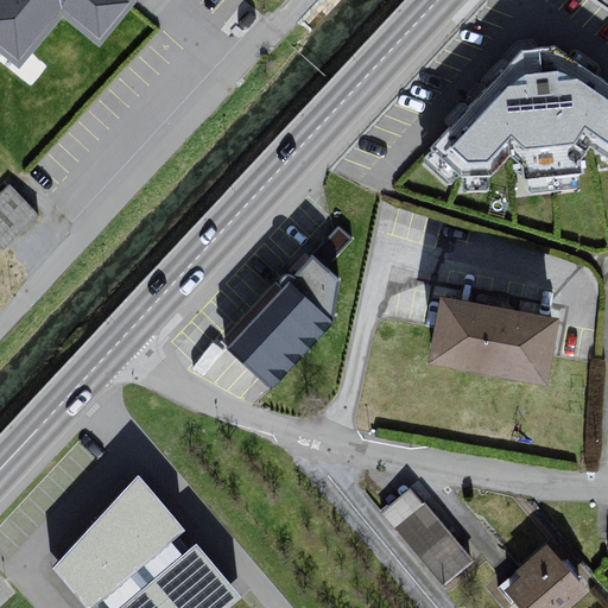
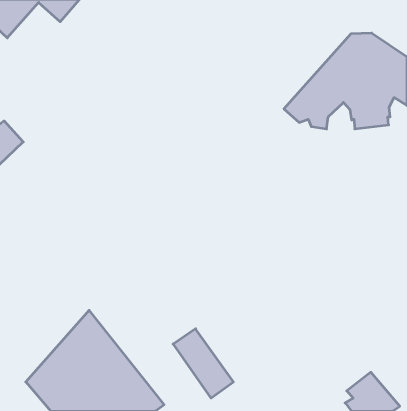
building: [224,266,338,398] -> none
building: [430,305,569,390] -> none
building: [378,481,467,583] -> [173,329,233,398]

